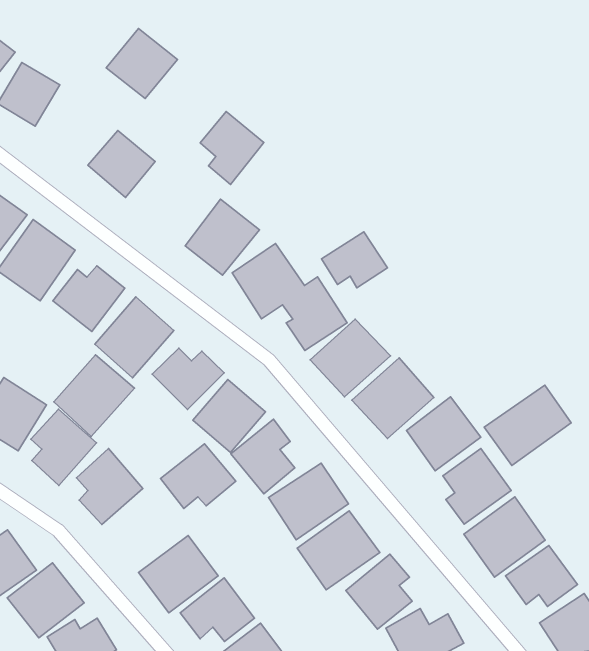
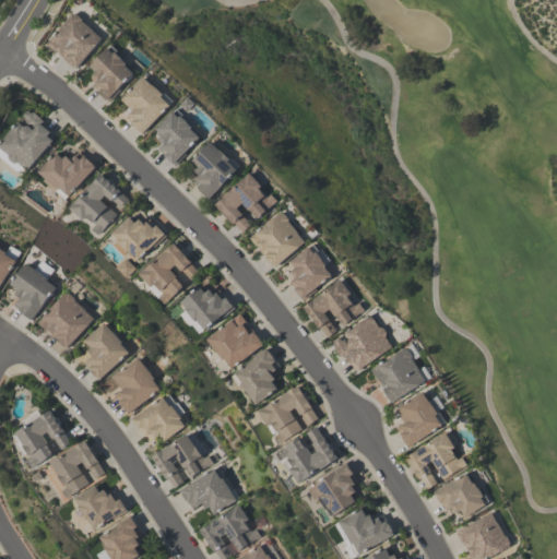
building: [106,29,177,99] -> [116,76,171,131]
building: [200,111,264,184] -> [189,143,238,200]
building: [322,232,387,288] -> none
building: [54,355,134,437] -> none
building: [484,385,571,465] -> none
building: [160,444,236,508] -> [130,393,188,441]

